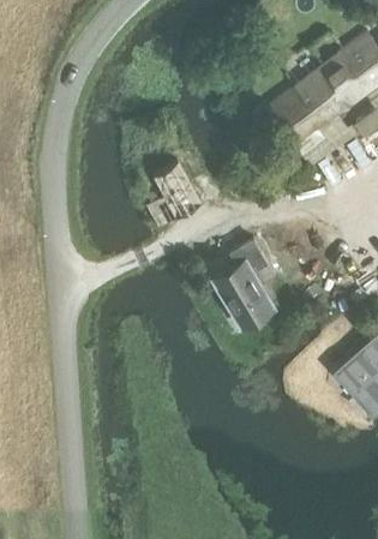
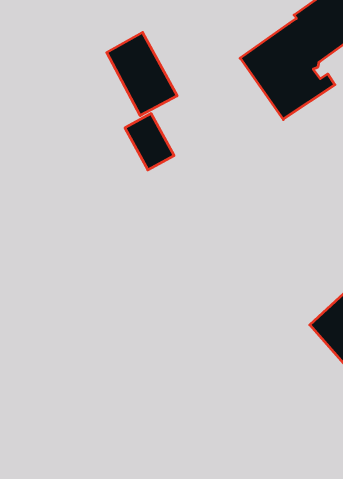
building: none -> [107,32,177,116]
building: [221,252,312,323] -> none

